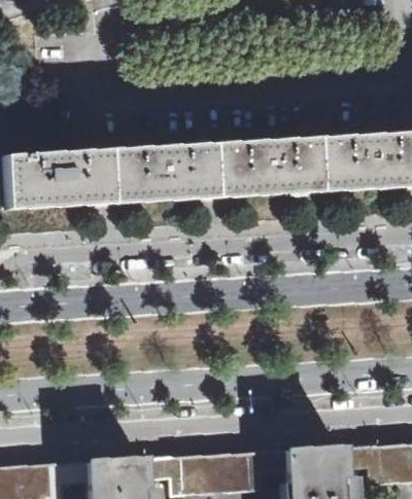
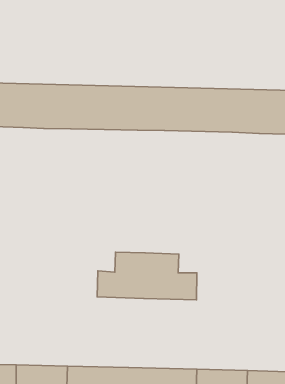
building: none -> [97,252,197,300]

